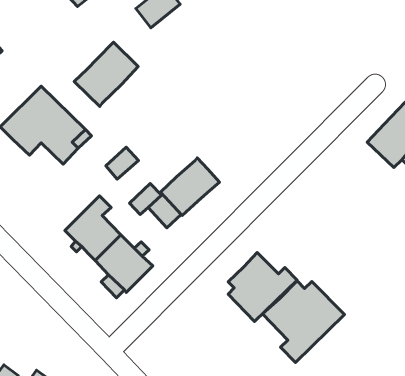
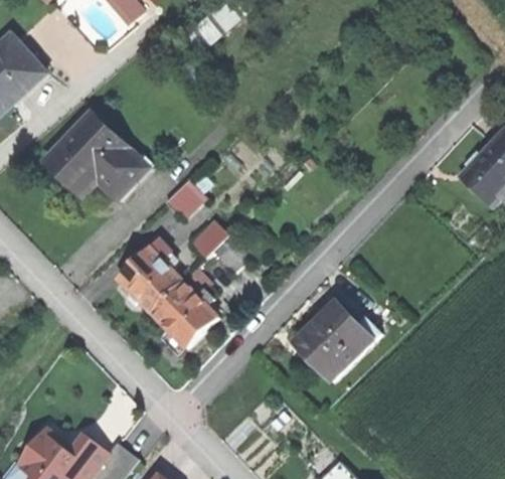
building: [74,42,138,107] -> none
building: [161,158,220,216] -> none
building: [263,281,345,363] -> none

